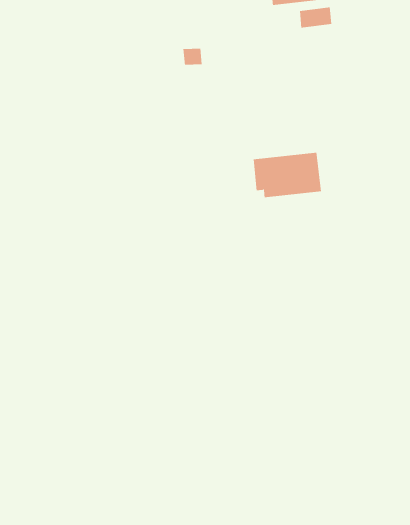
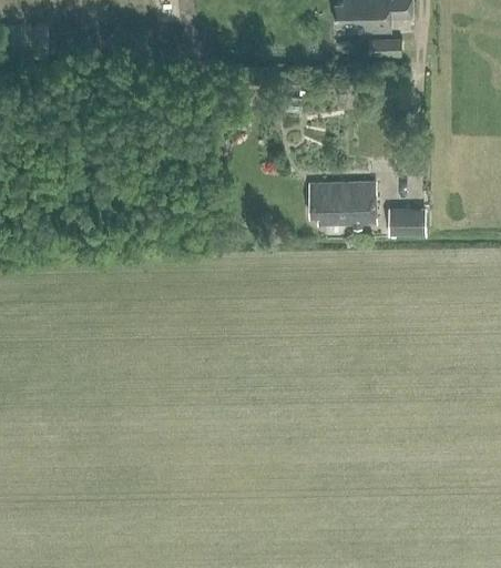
building: none -> [389,209,427,233]

